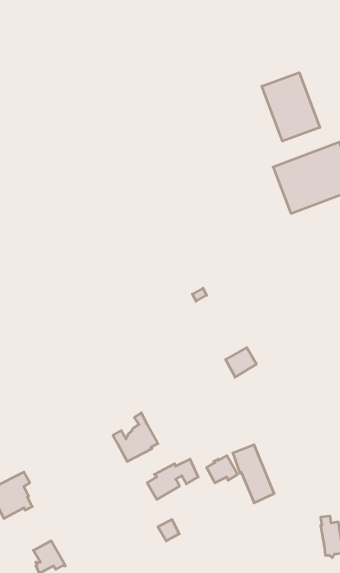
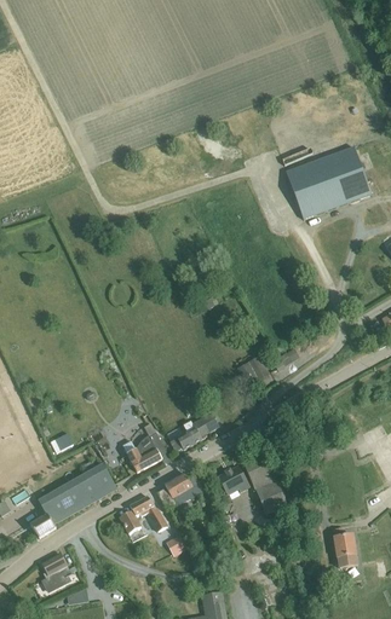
building: [262,73,320,141] -> none
building: none -> [171,413,218,450]
building: none -> [30,459,117,537]
building: none -> [120,496,167,533]

